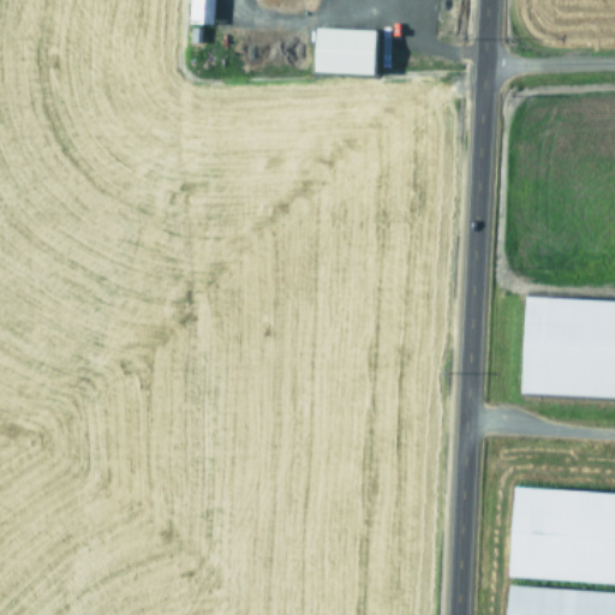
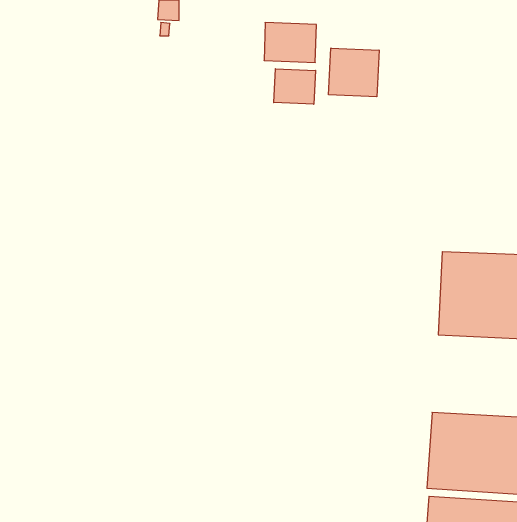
building: none -> [329,48,379,97]
building: none -> [274,69,316,104]

